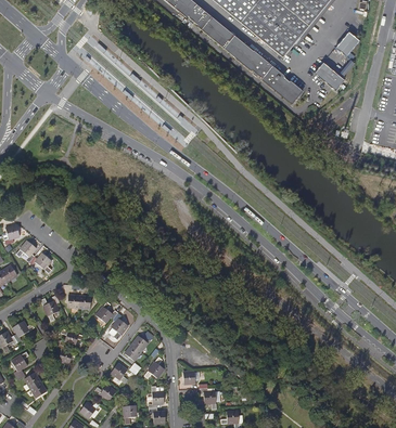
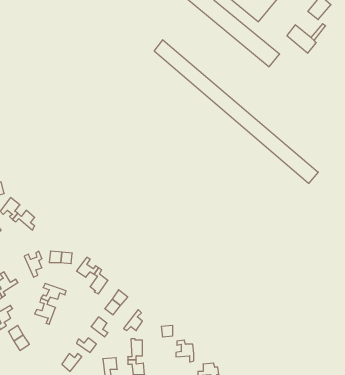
building: none -> [154,40,318,183]

